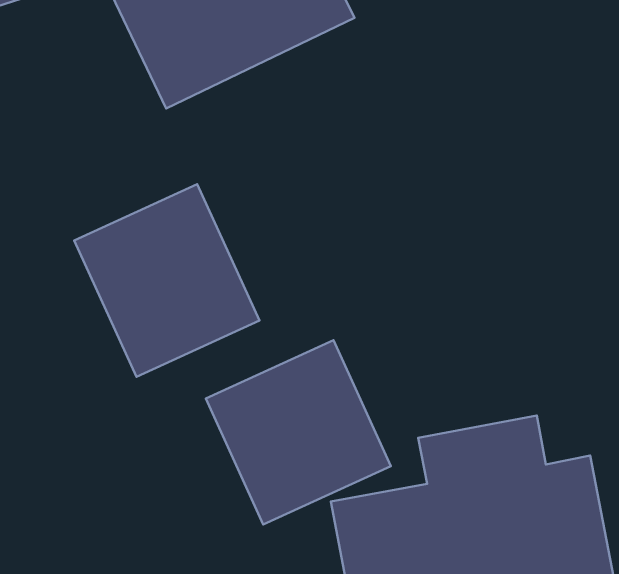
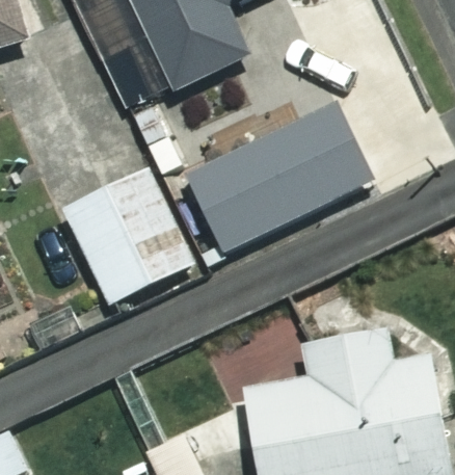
building: none -> [188,107,369,249]
building: [206,340,391,524] -> none

